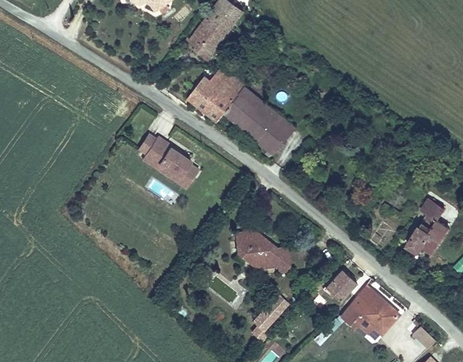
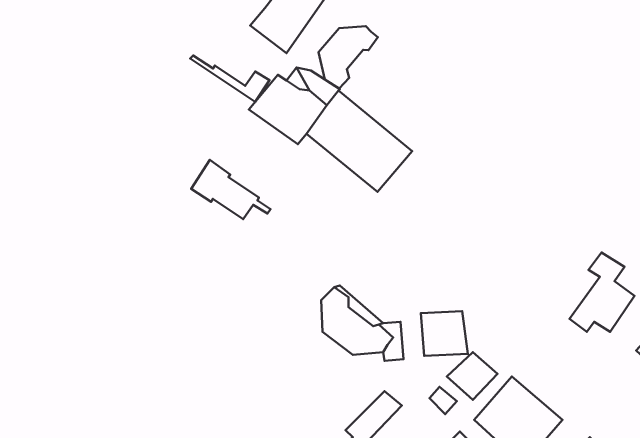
building: none -> [318,26,378,89]
building: [142,154,197,186] -> [190,56,270,102]
building: none -> [421,311,468,356]

